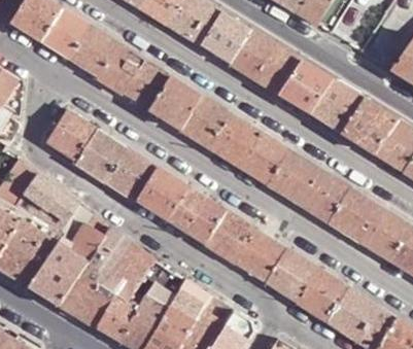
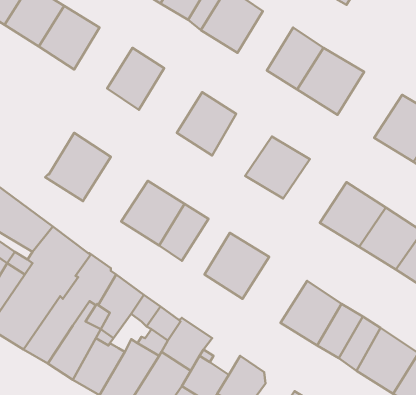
building: [231,30,276,78] -> none
building: [98,43,145,93] -> none
building: [150,76,202,129] -> none
building: [312,79,365,133] -> none
building: [46,109,98,163] -> none
building: [210,113,259,164] -> none
building: [106,148,158,201] -> none
building: [268,150,319,202] -> none
building: [185,199,225,244] -> none
building: [235,230,287,283] -> none

